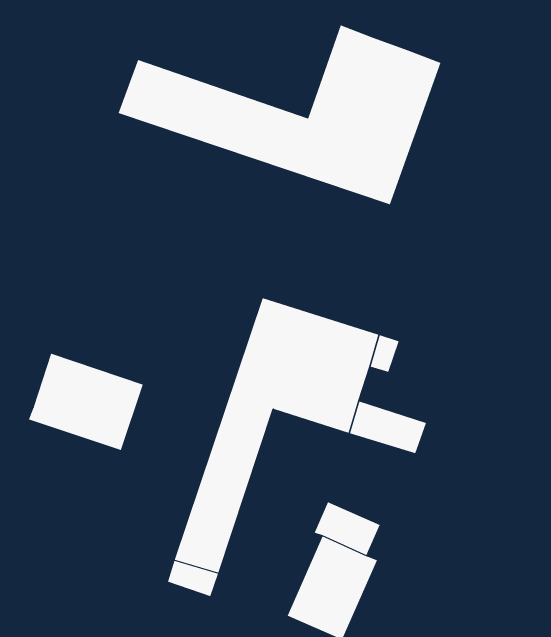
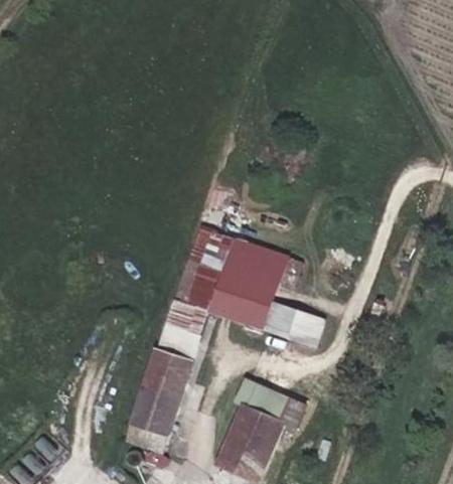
building: [118,24,441,205] -> none
building: [28,353,144,451] -> none

